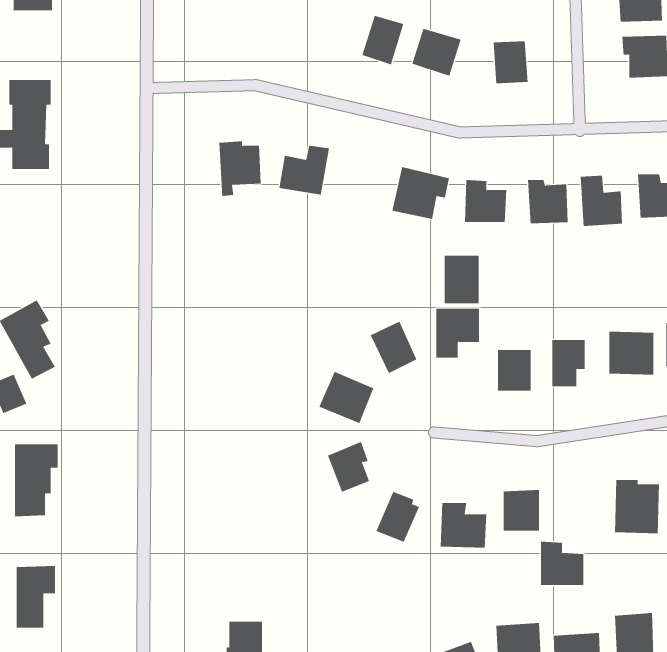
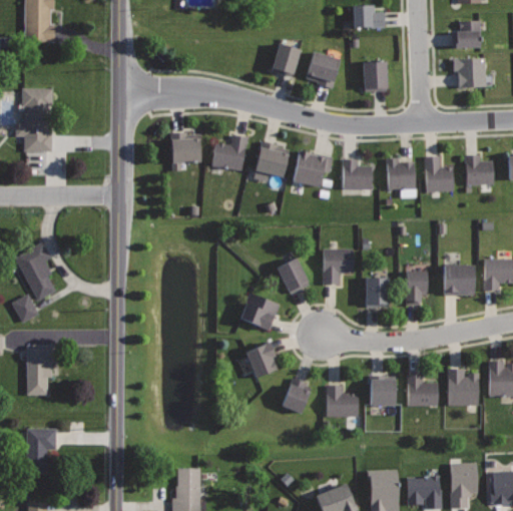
building: none -> [254,140,290,176]
building: [444,255,479,304] -> none
building: [540,541,584,585] -> [408,374,439,405]

